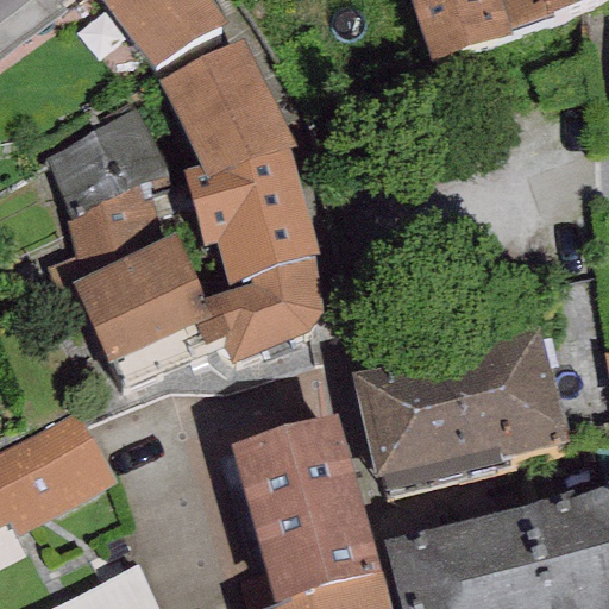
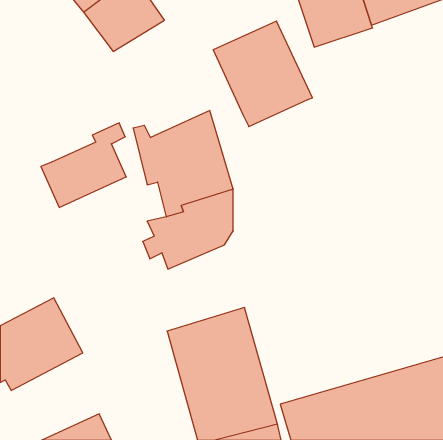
building: [159,44,295,188] -> [213,21,312,127]
building: [49,106,165,221] -> none
building: [73,241,213,369] -> none
building: [353,331,570,481] -> none

